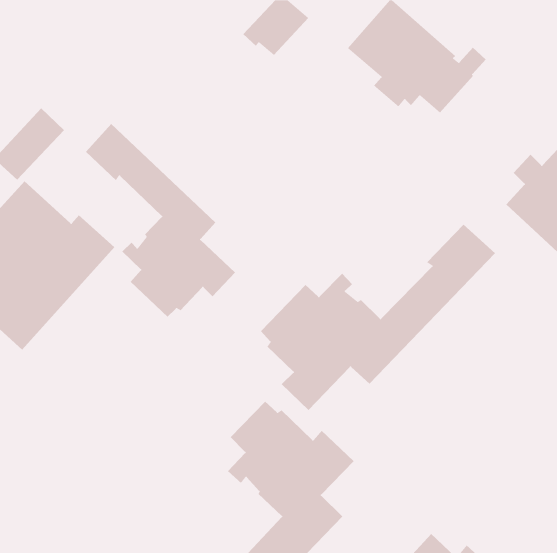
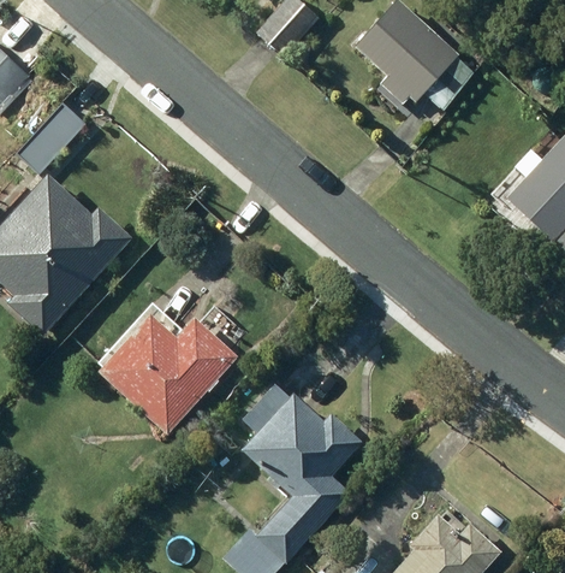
building: [85,123,236,318] -> none
building: [260,224,496,411] -> none
building: none -> [95,313,238,435]

